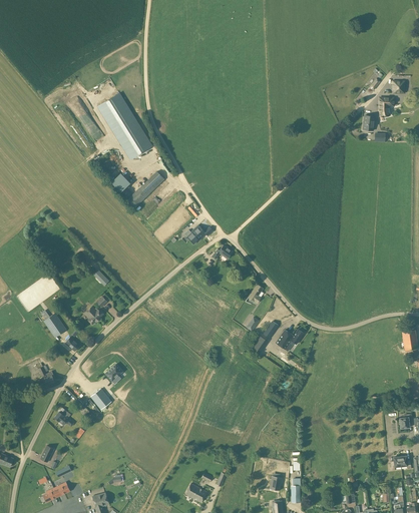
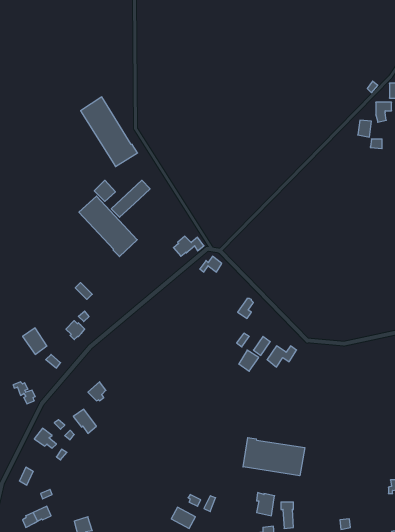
building: none -> [79,196,137,257]
building: none -> [243,438,305,476]

